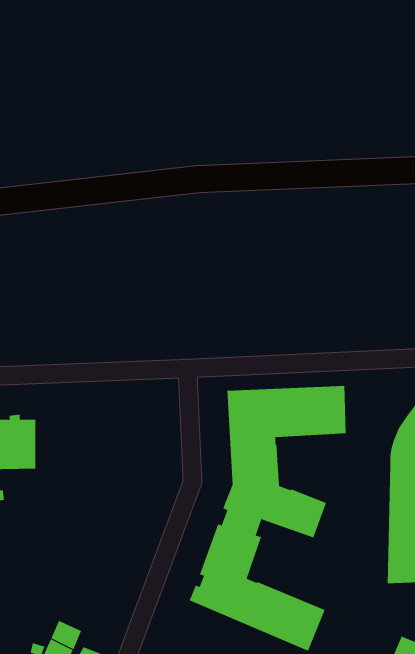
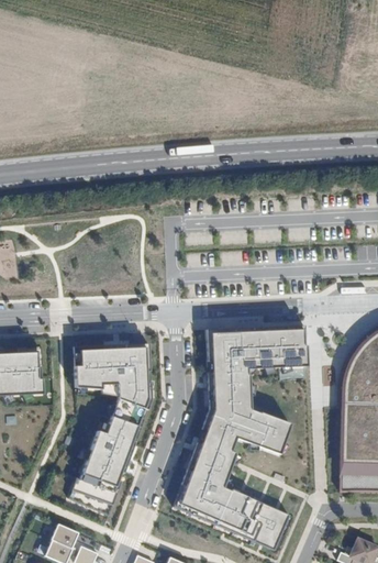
building: none -> [67,341,151,516]

